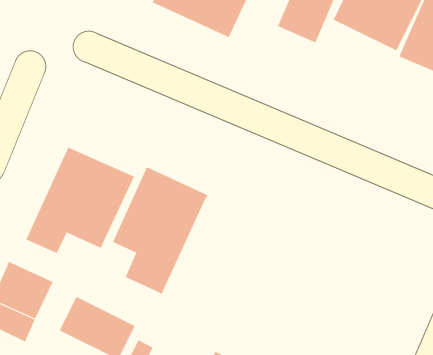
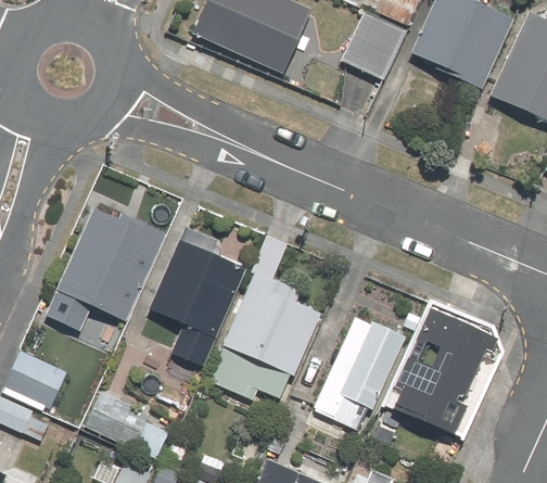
building: none -> [205,270,330,401]
building: none -> [386,306,506,445]
building: none -> [310,308,414,438]

